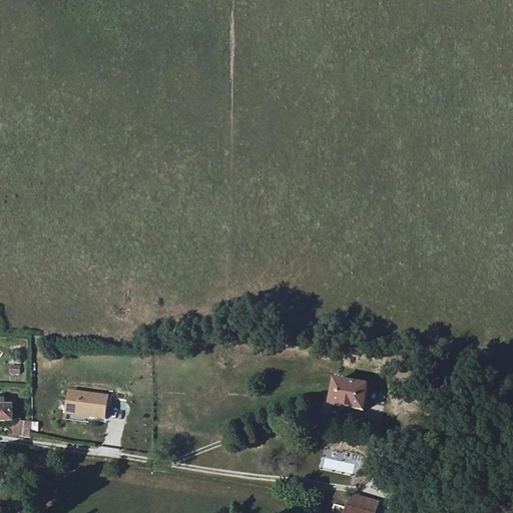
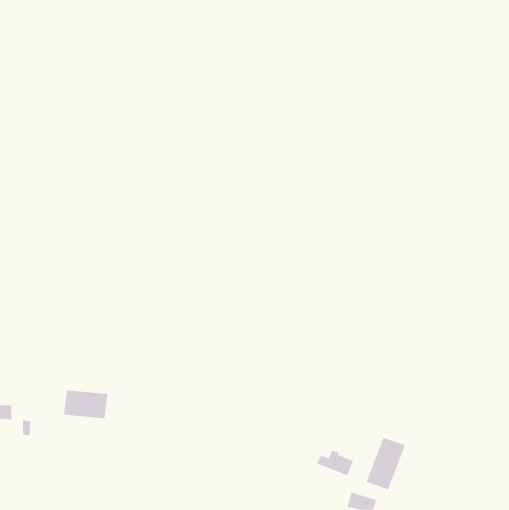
building: [333,379,367,410] -> none
building: none -> [366,437,406,490]

